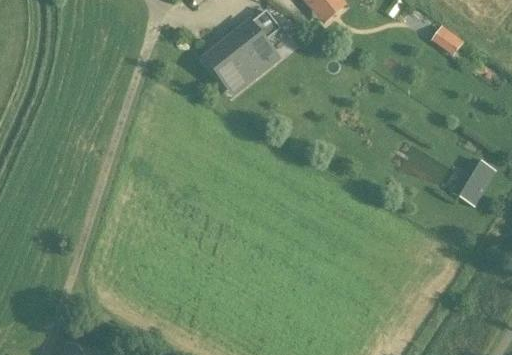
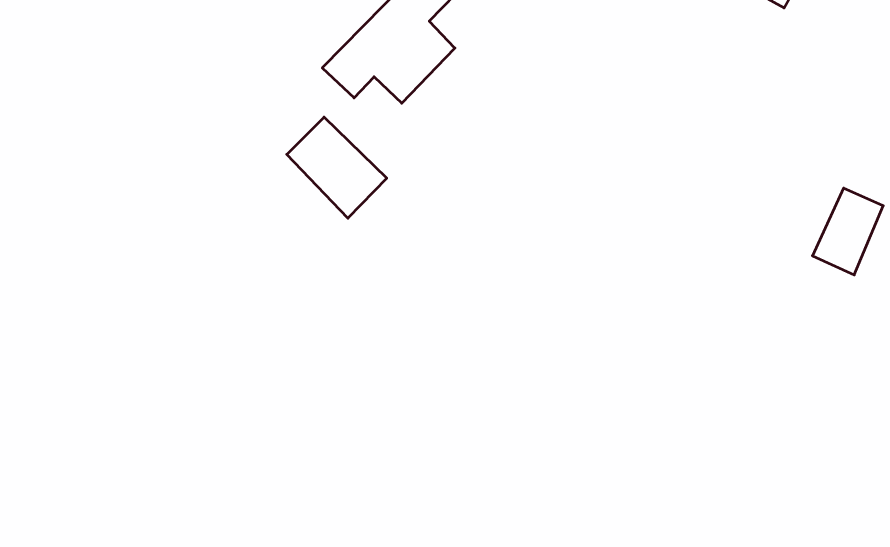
building: none -> [287,117,387,218]

